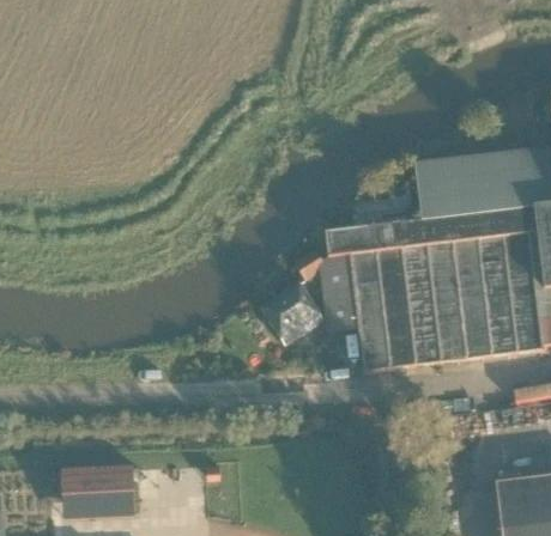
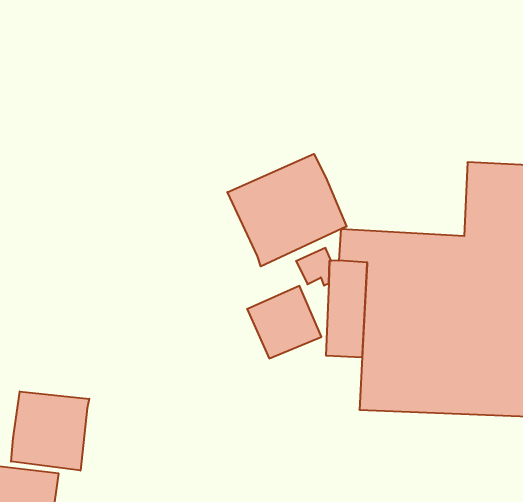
building: none -> [227,154,347,266]
building: none -> [11,391,89,471]

